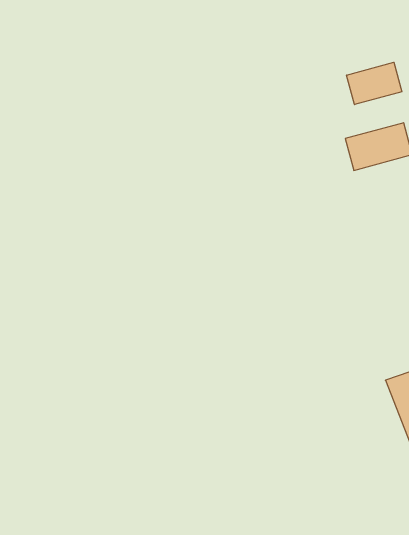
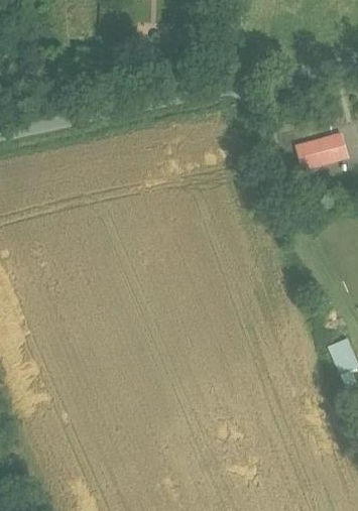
building: [347,62,402,105] -> none

